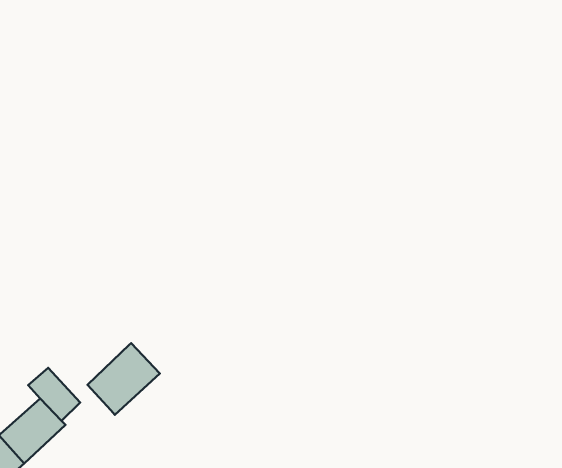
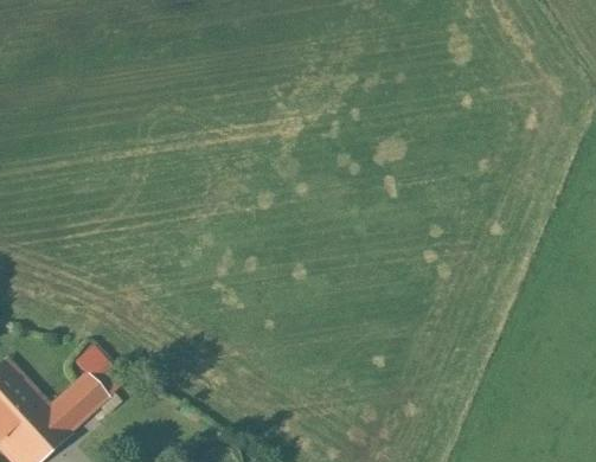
building: [88,343,160,415] -> none

